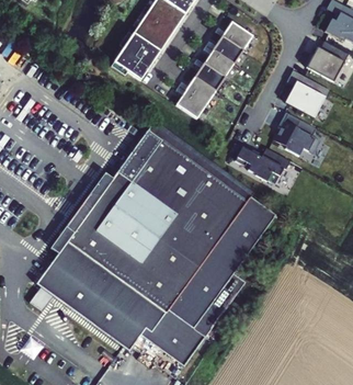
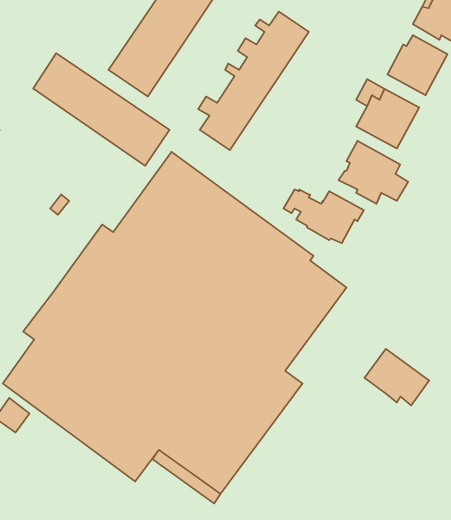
building: none -> [33,53,169,166]
building: none -> [365,349,429,405]

